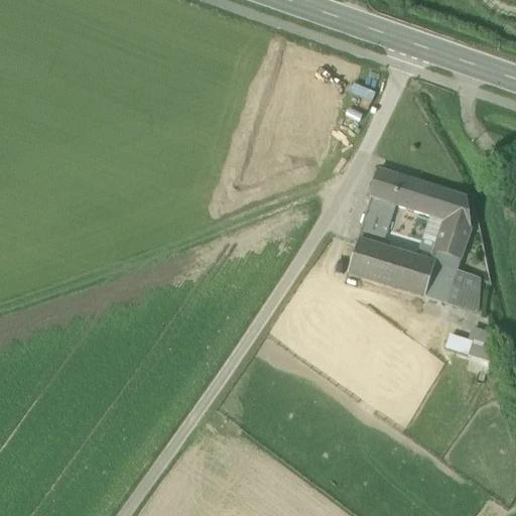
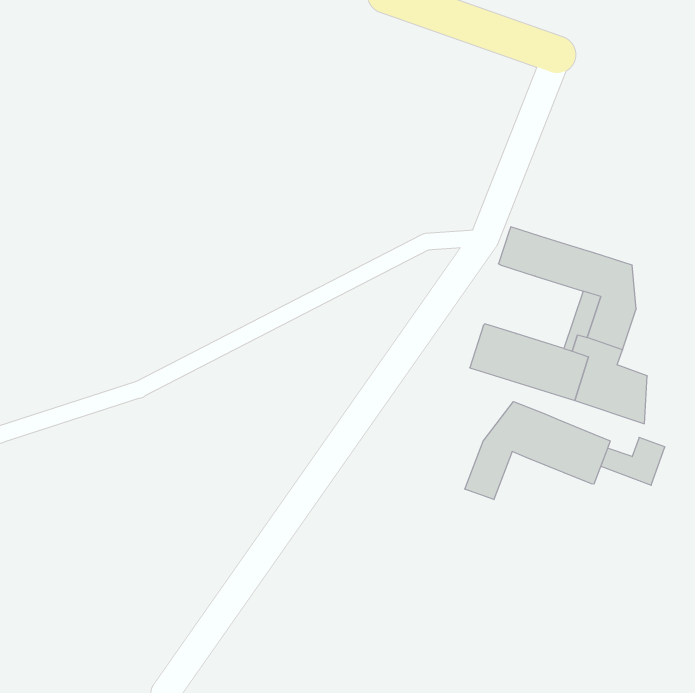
building: [359,196,397,246] -> none
building: none -> [465,402,610,500]

